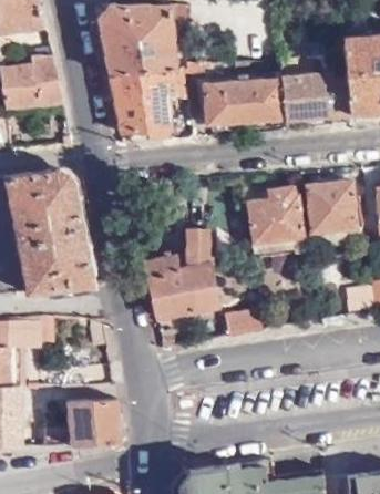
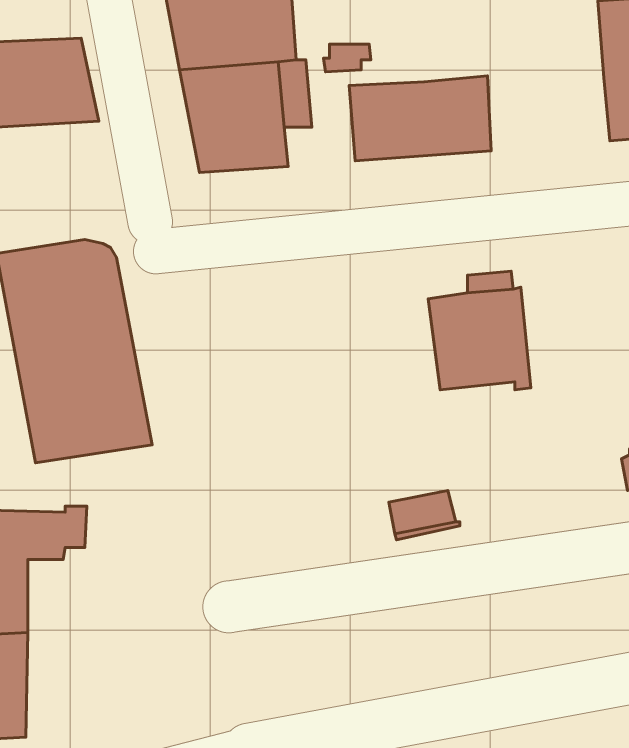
building: [280,73,349,120] -> none
building: [305,179,355,233] -> none
building: [146,231,218,318] -> none
building: [68,399,120,446] -> none

